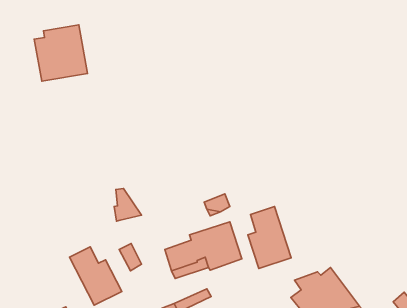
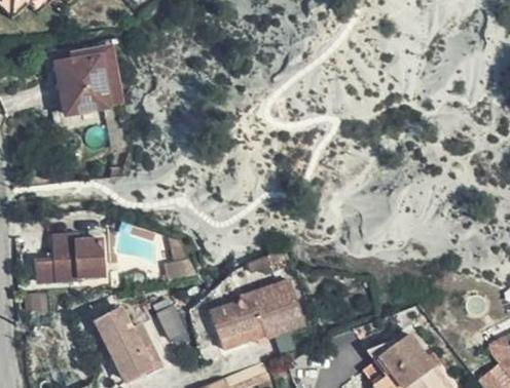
building: none -> [38,234,105,282]
building: [248,206,291,269] -> none

